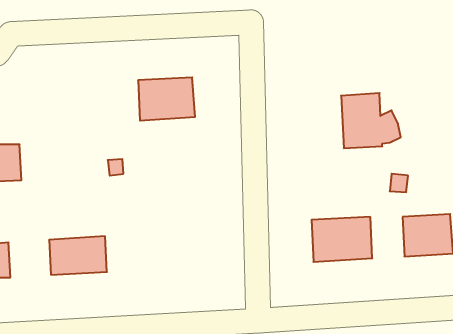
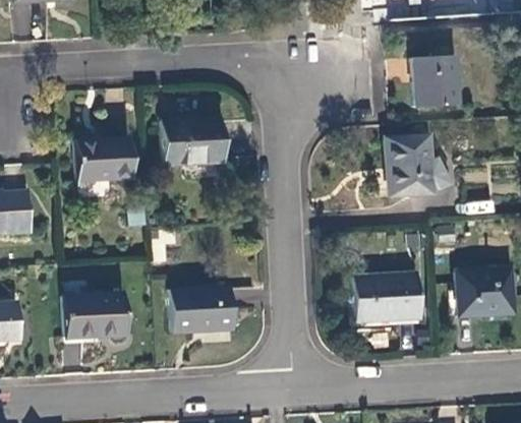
building: none -> [412,55,457,107]
building: none -> [76,137,133,180]
building: none -> [170,284,234,330]

